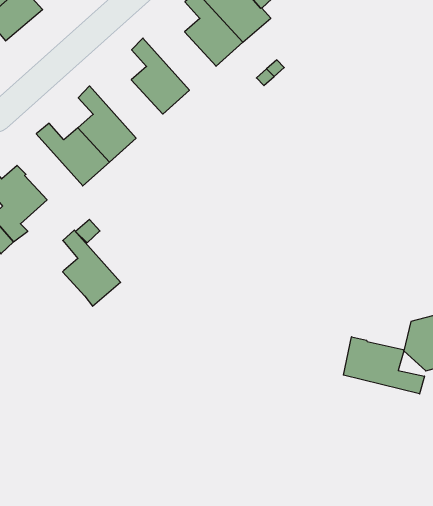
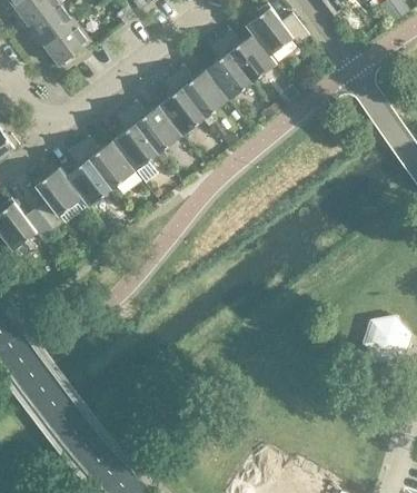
building: none -> [169,65,227,118]
building: none -> [122,100,180,154]
building: [63,230,121,306] -> [63,144,110,207]
building: [343,337,424,394] -> none

